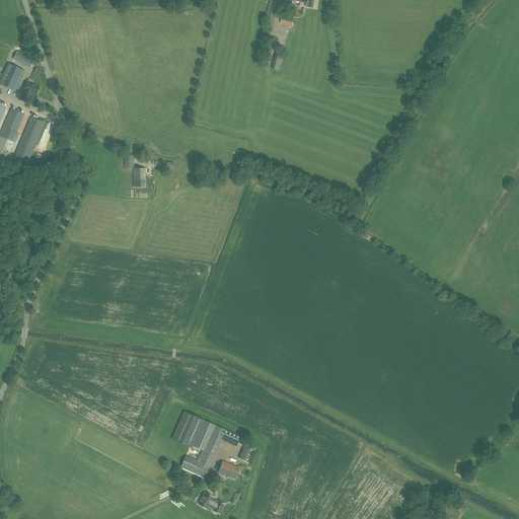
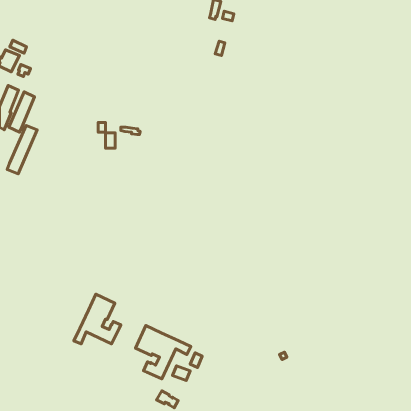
building: none -> [7,126,37,174]
building: none -> [74,294,121,344]

